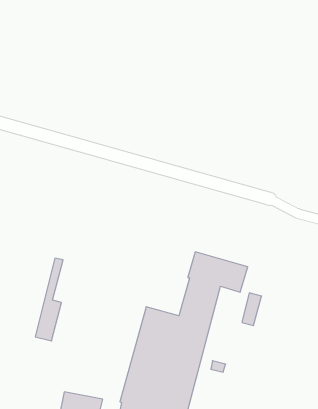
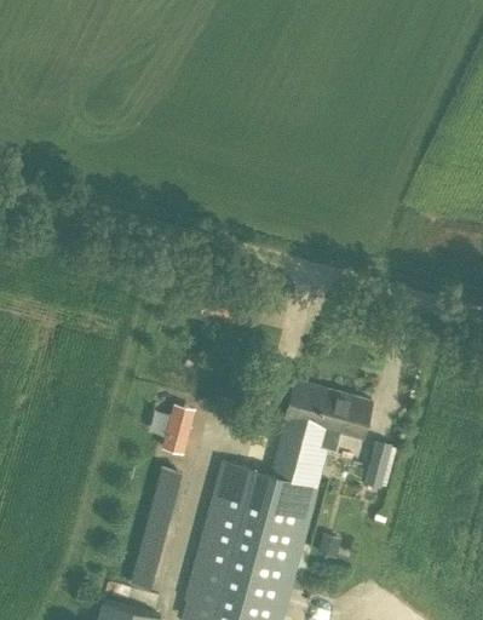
building: [35,258,63,341] -> [139,460,180,582]
building: none -> [161,407,195,458]

